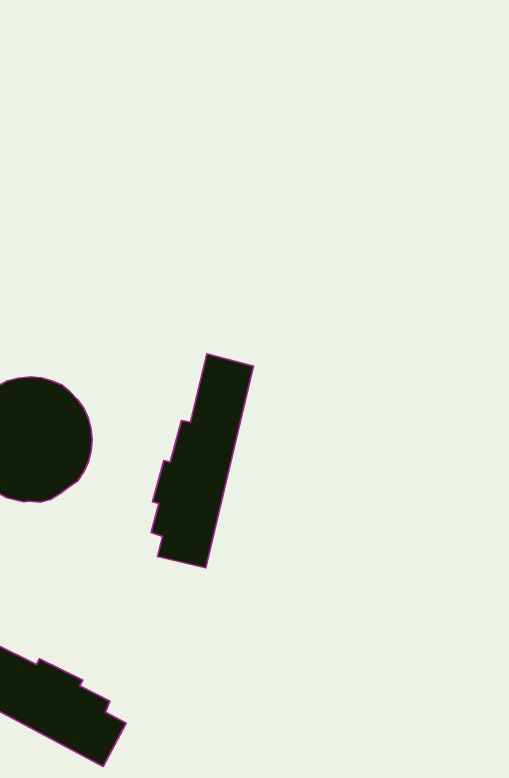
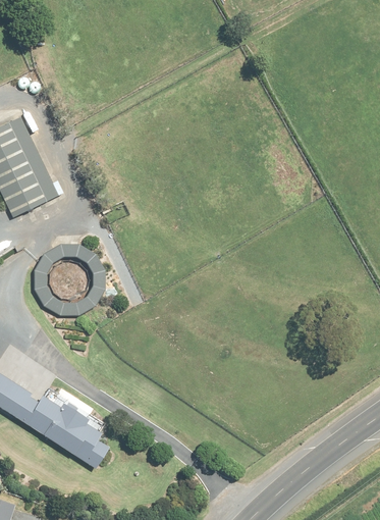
building: [151,354,254,568] -> none

